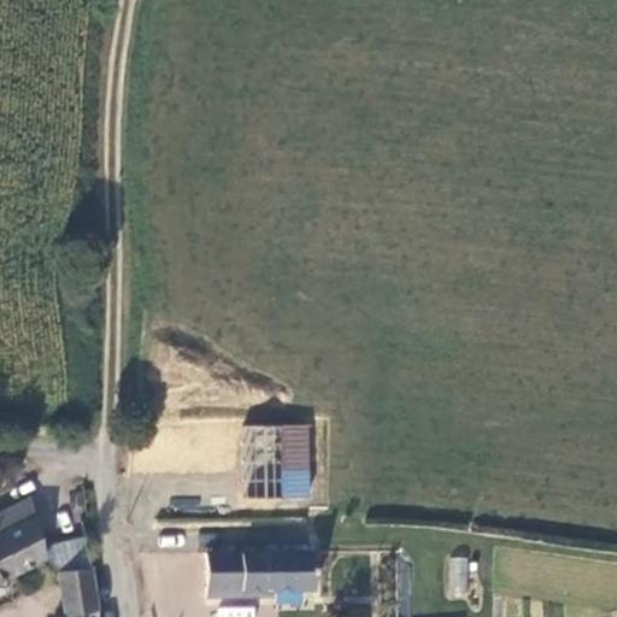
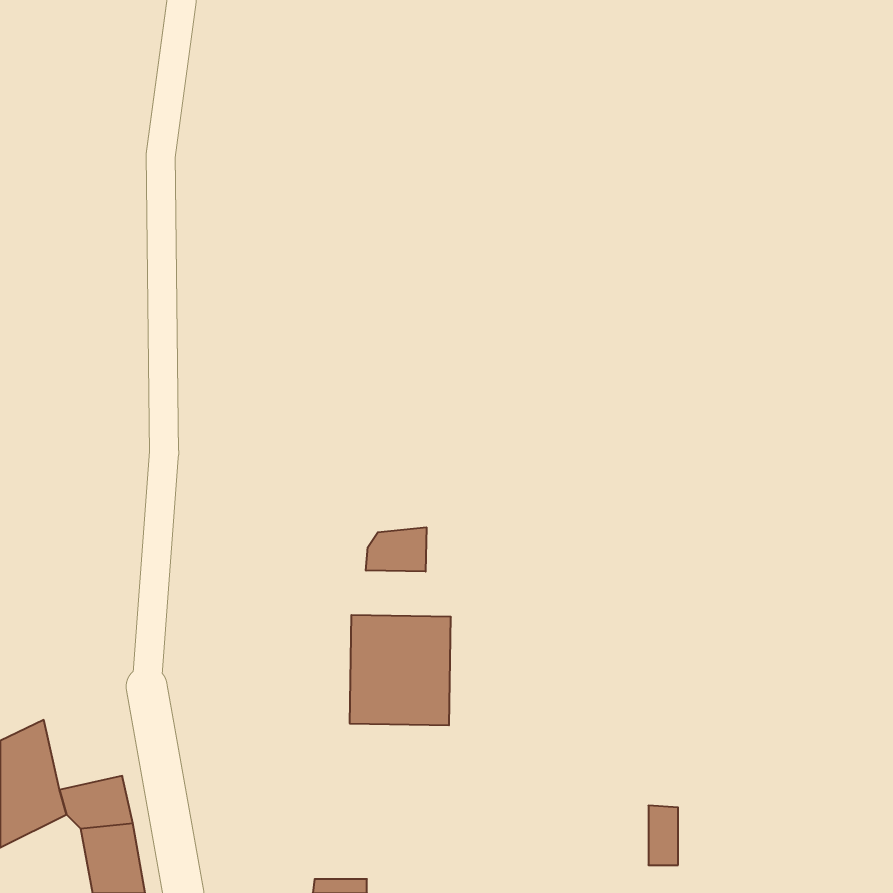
building: none -> [366,527,426,572]
building: [207,548,315,598] -> none

